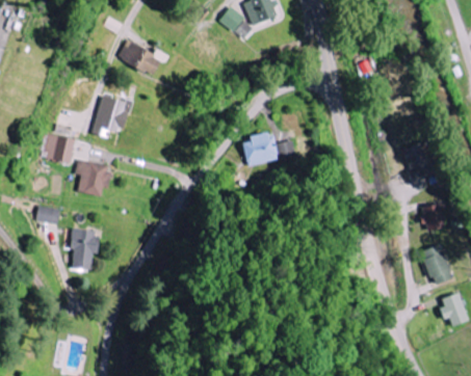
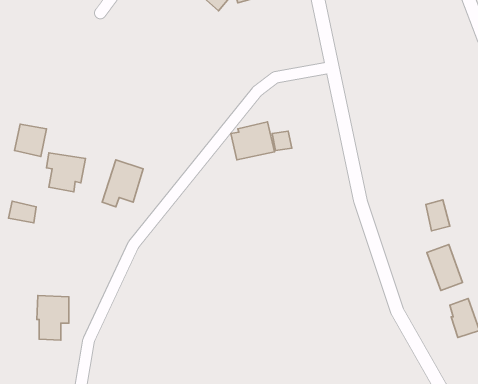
building: [119,39,166,76] -> none
building: [90,95,128,137] -> [102,160,143,207]
building: [76,227,105,268] -> [37,296,69,340]

